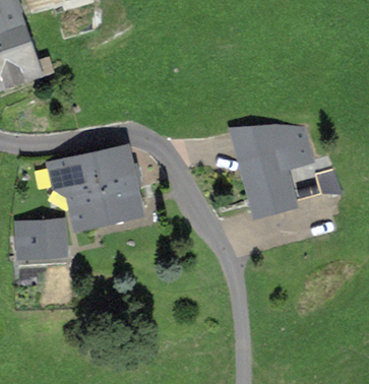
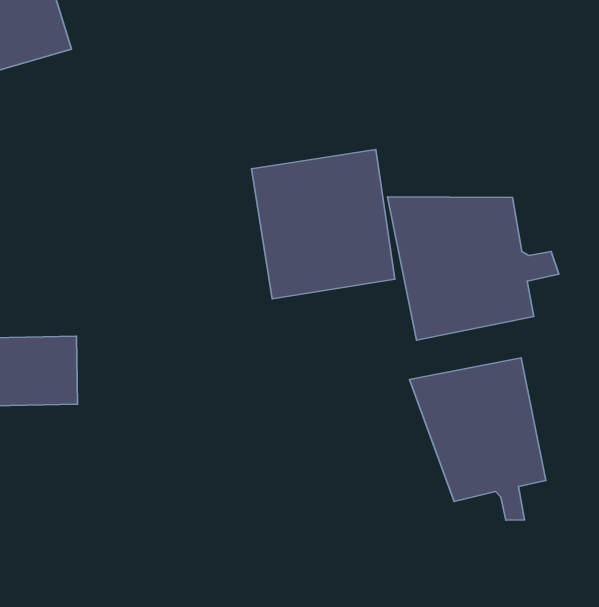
building: [59,146,142,233] -> [251,149,395,299]
building: none -> [410,358,546,520]

